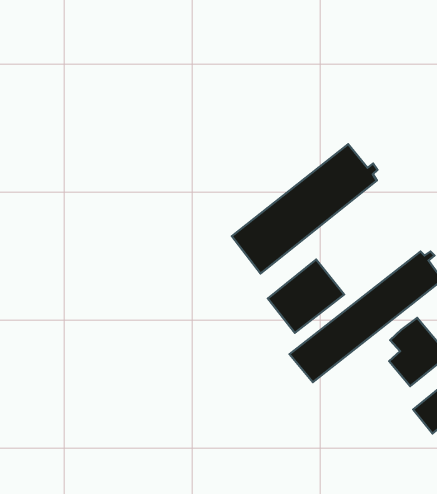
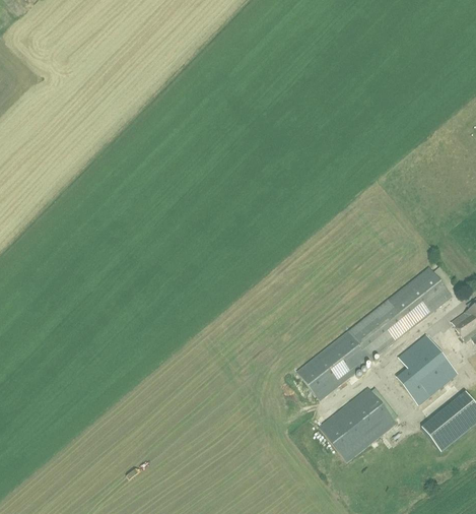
building: [232,144,377,273] -> none
building: [268,259,344,333] -> [319,387,396,461]

